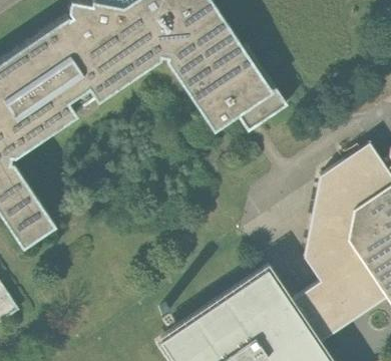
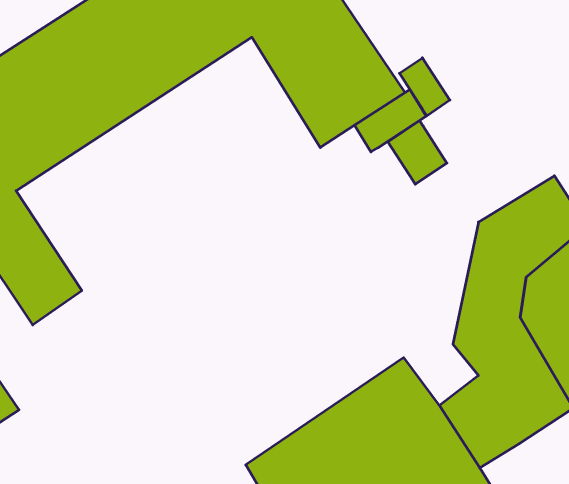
building: none -> [399,58,450,116]
building: none -> [388,121,447,184]

